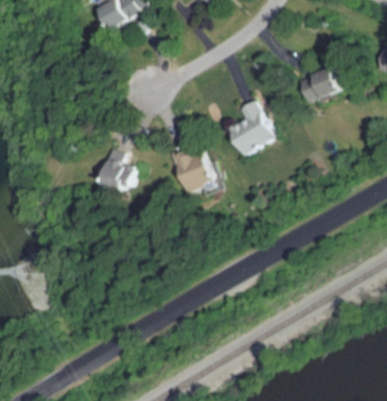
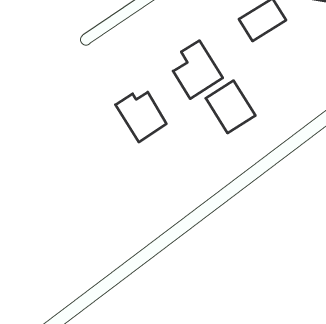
building: none -> [206,81,255,133]
building: [99,149,128,187] -> none

